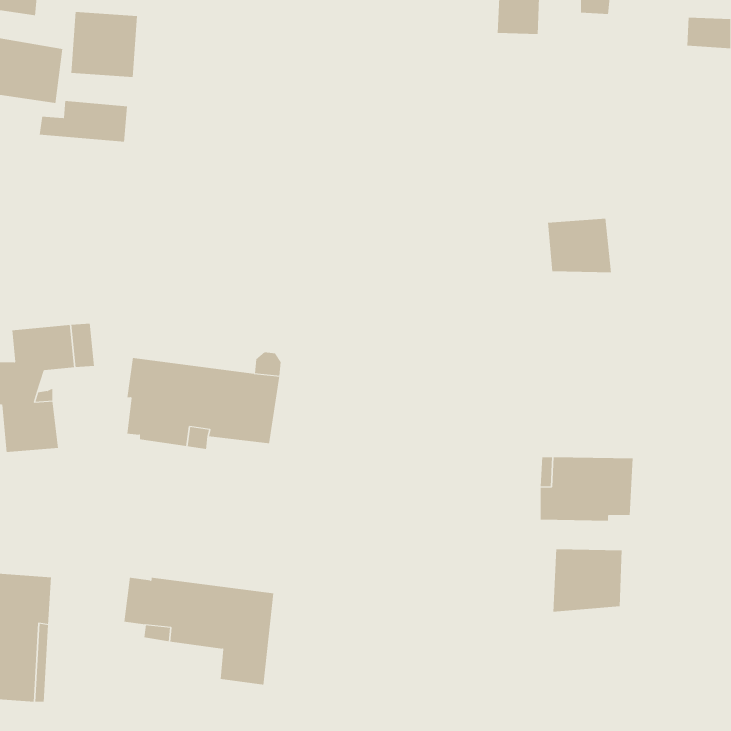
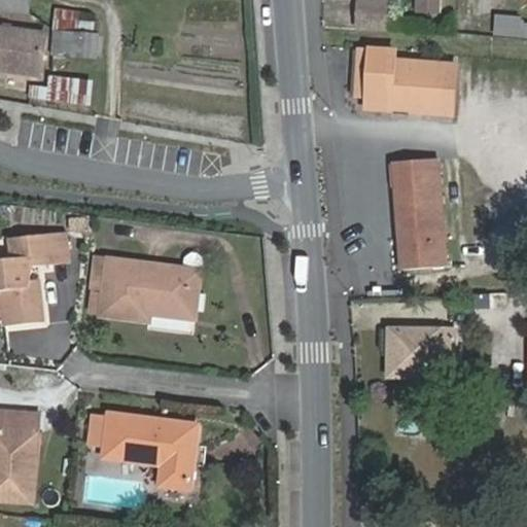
building: none -> [353,45,454,112]
building: none -> [395,195,444,267]
building: [553,549,622,613] -> none

